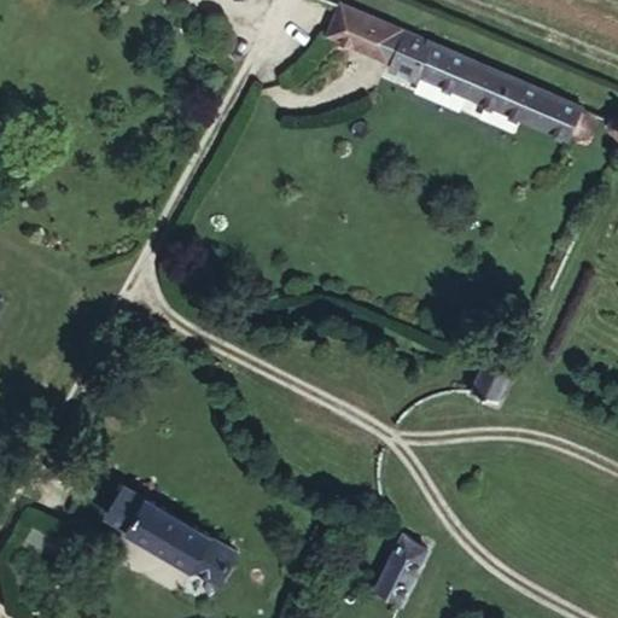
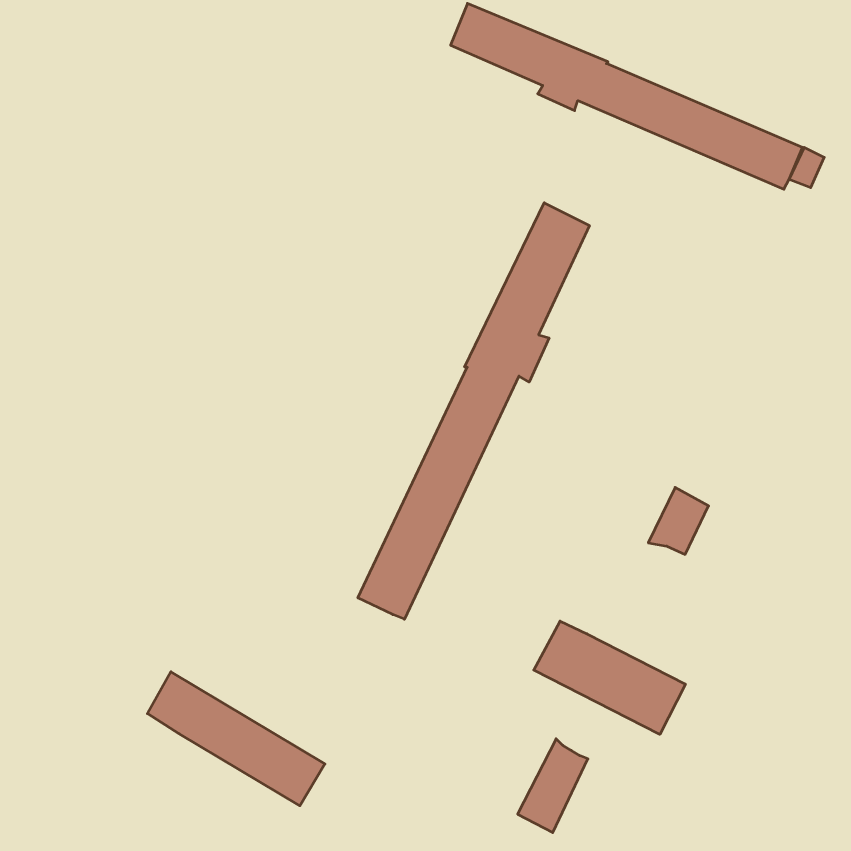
building: none -> [358,203,589,619]
building: none -> [534,621,685,734]

